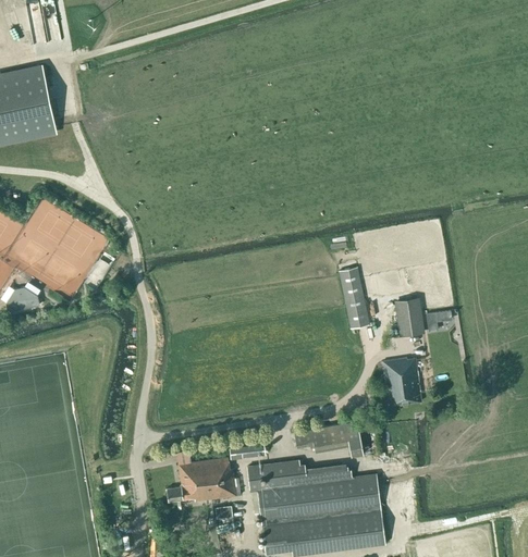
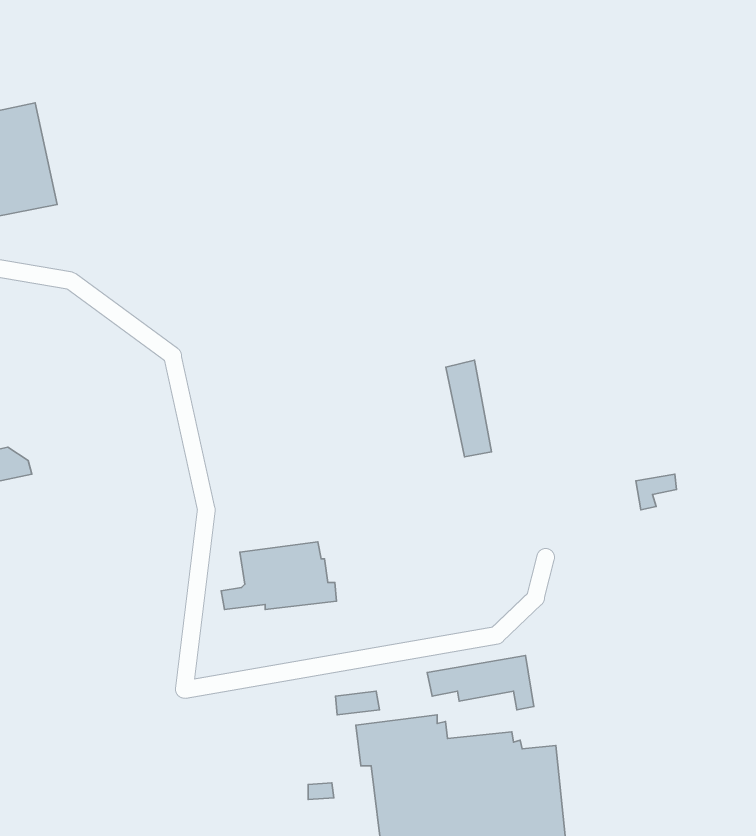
building: [340,268,369,330] -> [446,360,492,457]
building: [394,298,425,337] -> none
building: [383,359,421,407] -> none
building: [167,458,241,502] -> [221,542,336,610]

